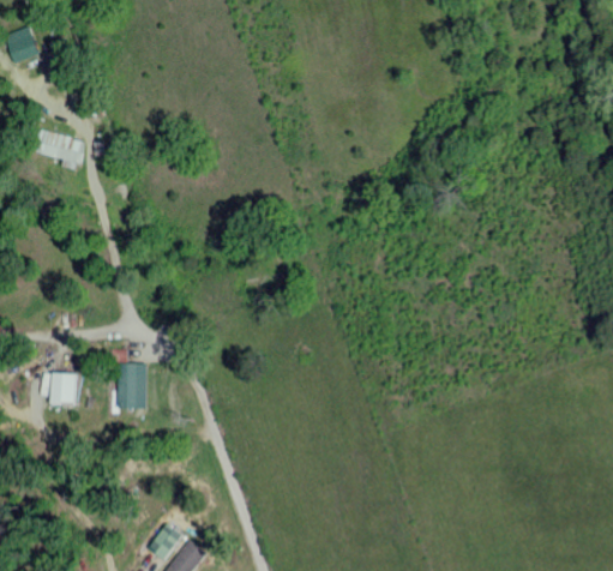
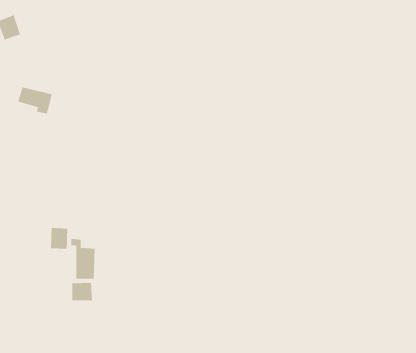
building: [50,374,77,405] -> [50,228,68,249]
building: none -> [72,282,92,301]

